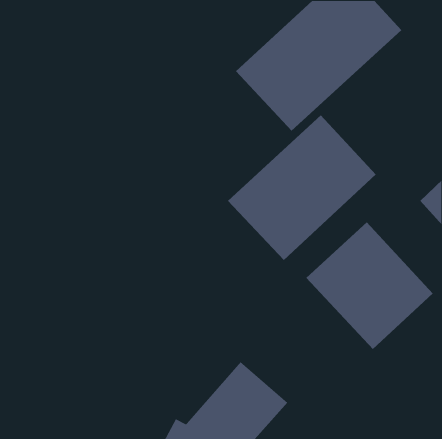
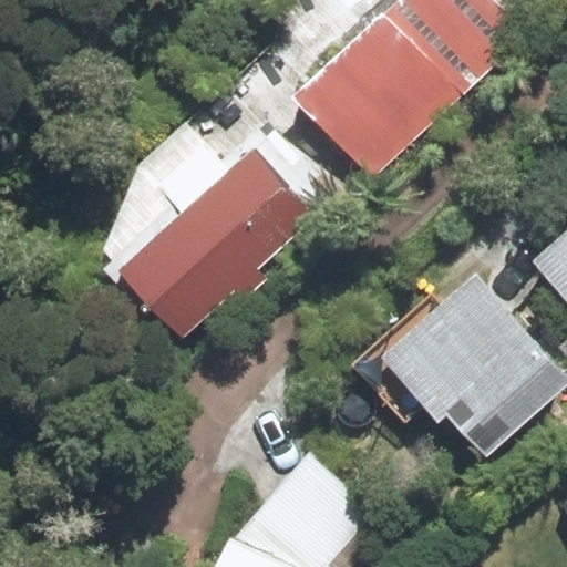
building: [227,114,377,261] -> none
building: none -> [120,155,298,328]

